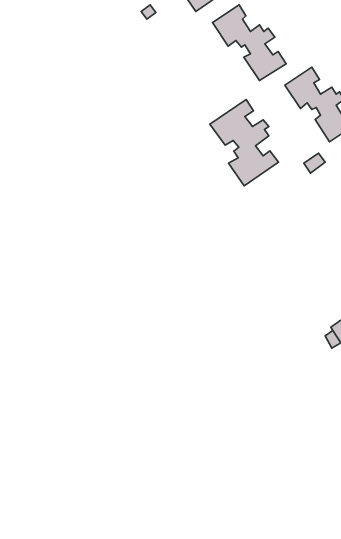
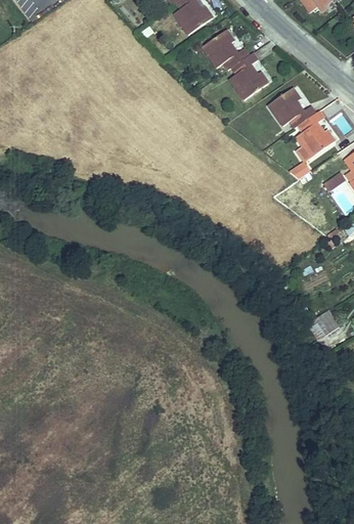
building: [210,100,278,186] -> none

